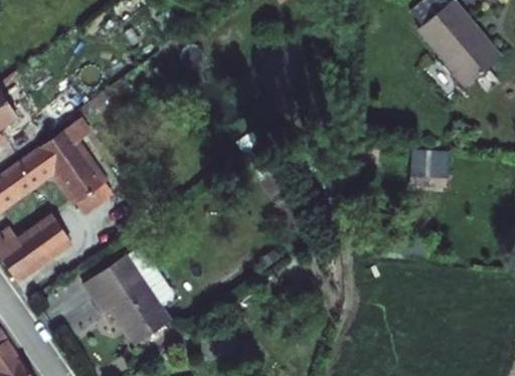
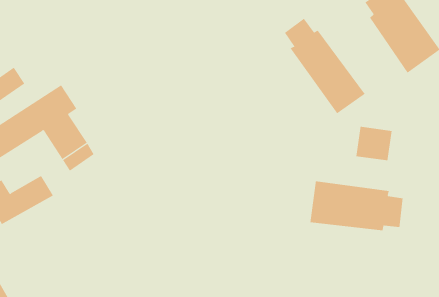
building: none -> [284,18,365,114]
building: none -> [310,180,403,231]
building: [82,246,174,344] -> none

